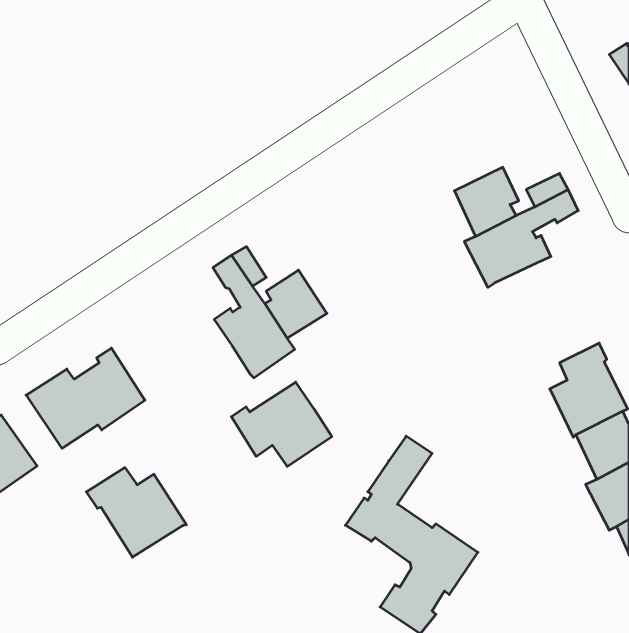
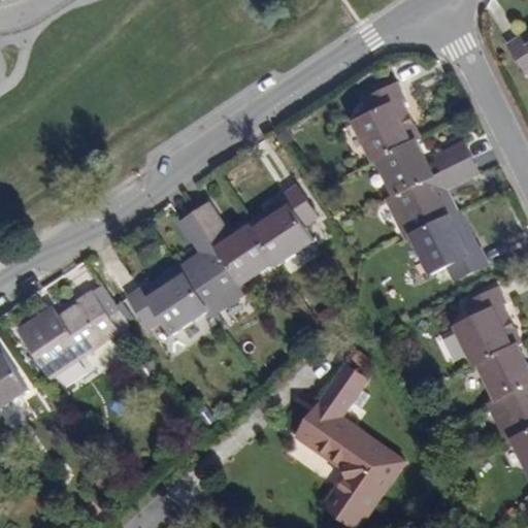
building: none -> [357,85,422,161]
building: none -> [245,184,312,264]
building: none -> [412,213,488,283]
building: [231,382,332,466] -> [125,266,208,336]
building: [86,468,186,557] -> none

